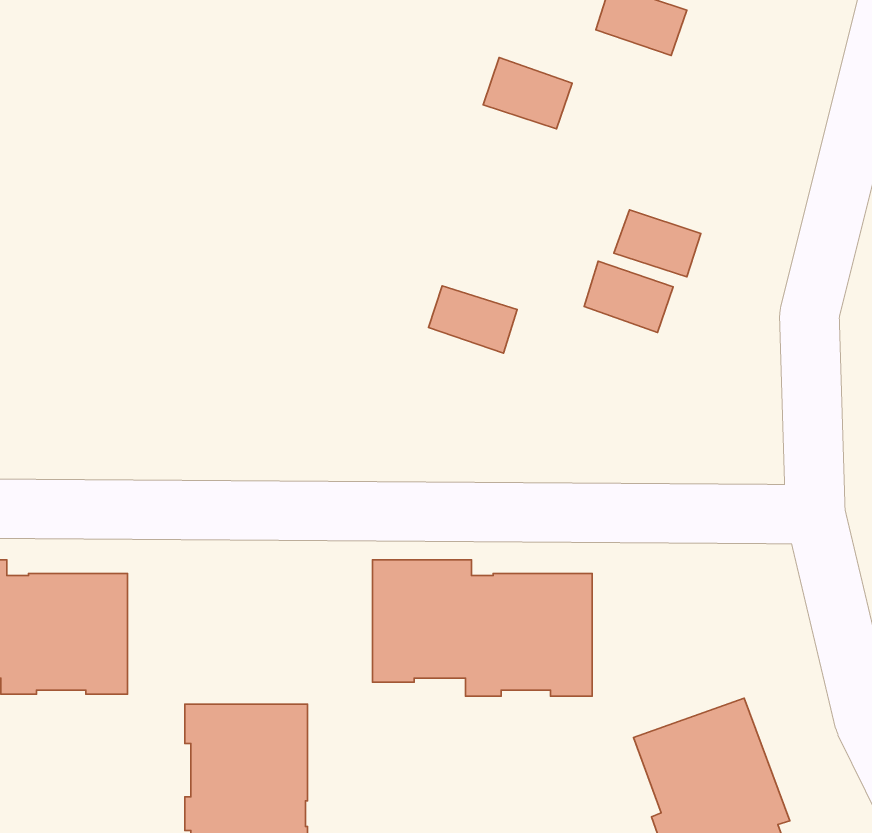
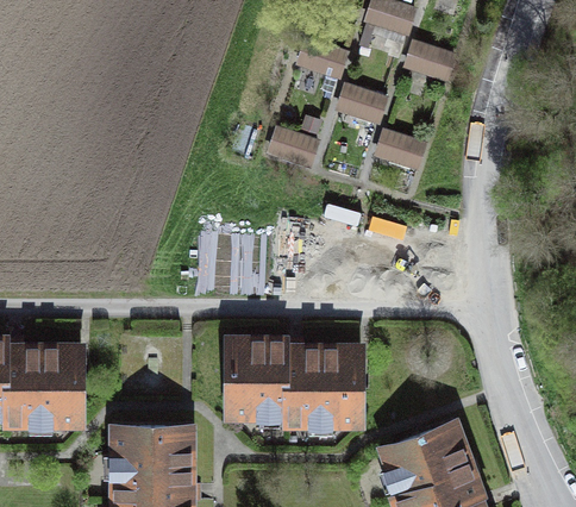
building: none -> [403,39,458,82]
building: [584,261,673,332] -> [336,82,389,125]
building: [428,286,517,353] -> [267,126,320,167]

